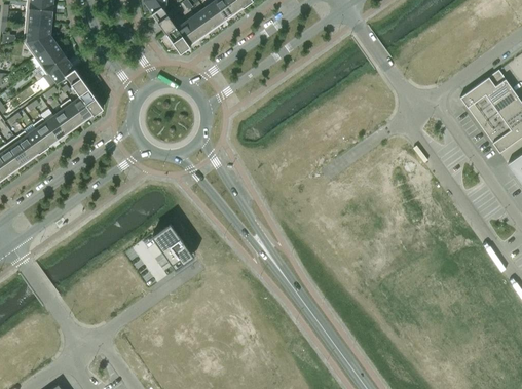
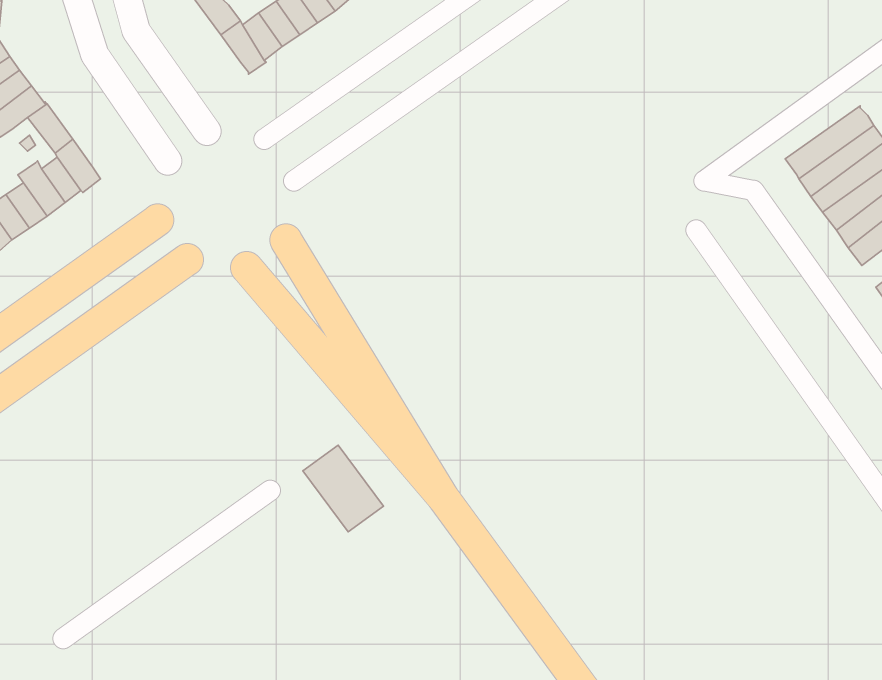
building: [152,223,194,268] -> [303,445,384,532]

